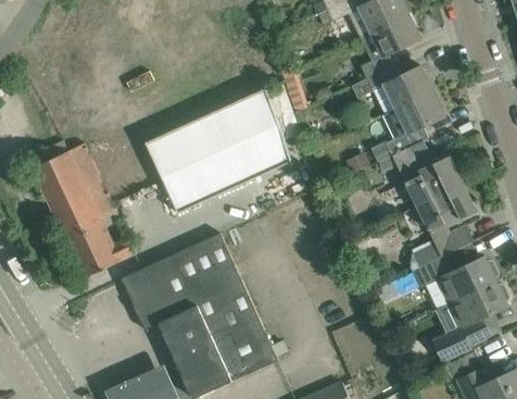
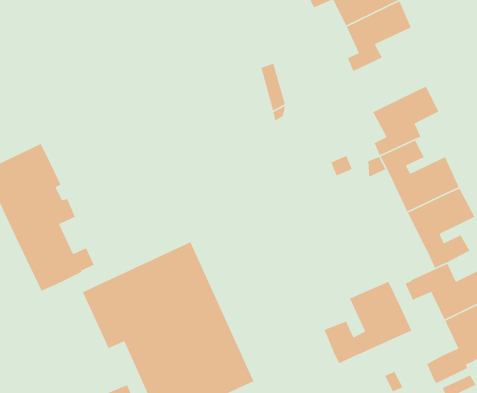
building: [352,66,433,115] -> none
building: [146,89,289,213] -> none
building: none -> [324,281,412,364]

